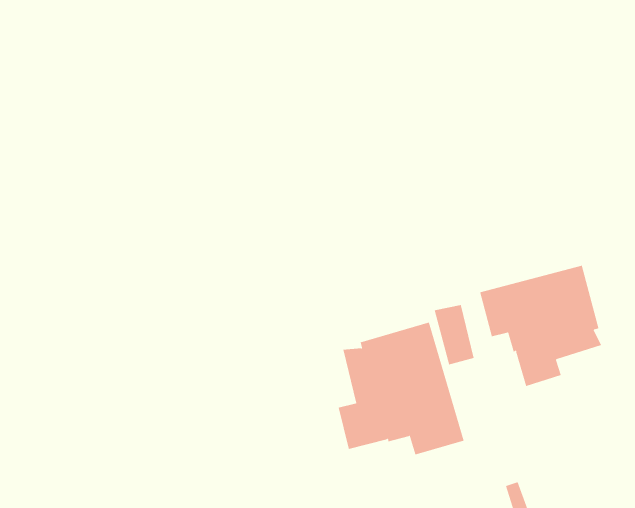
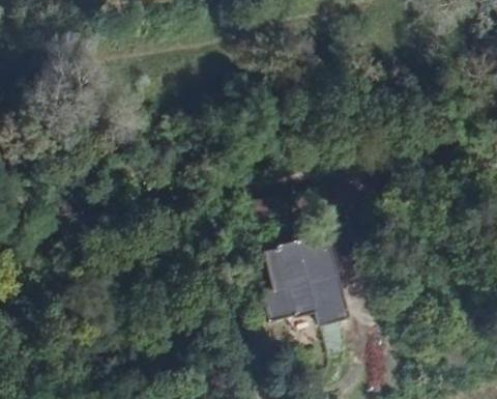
building: [480,265,602,387] -> none

